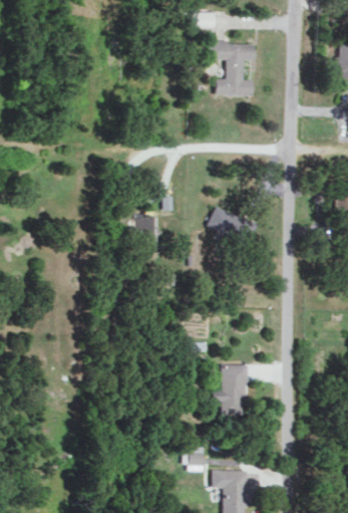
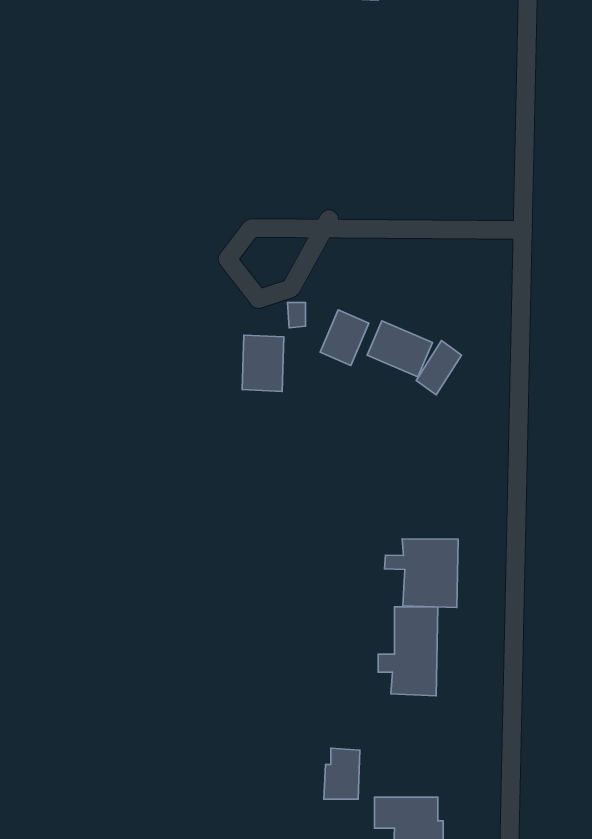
building: [207,41,255,96] -> none
building: none -> [320,310,369,365]
building: none -> [385,539,458,608]

